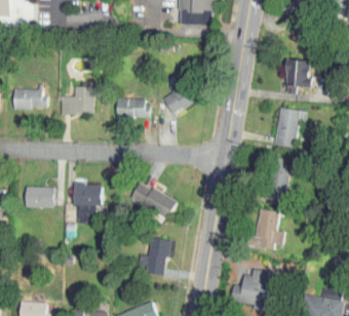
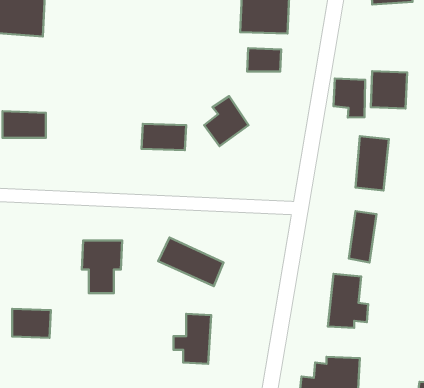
building: none -> [247,48,281,72]
building: none -> [334,79,365,117]
building: [60,86,92,114] -> none
building: [25,186,53,207] -> [12,309,51,338]

